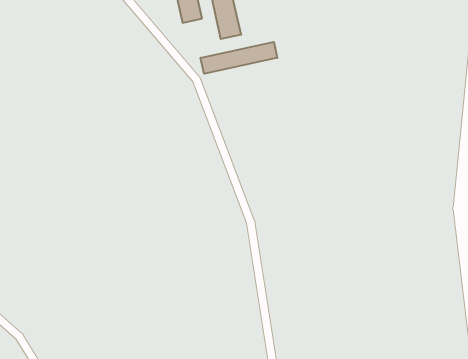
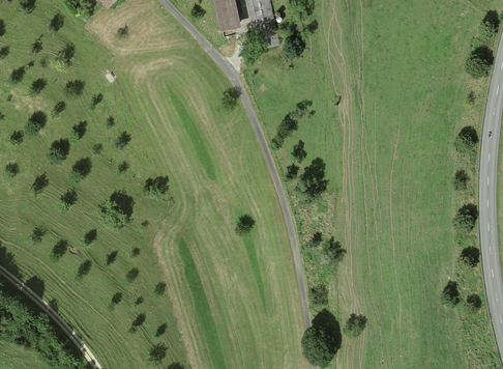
building: [201,42,277,74] -> none

